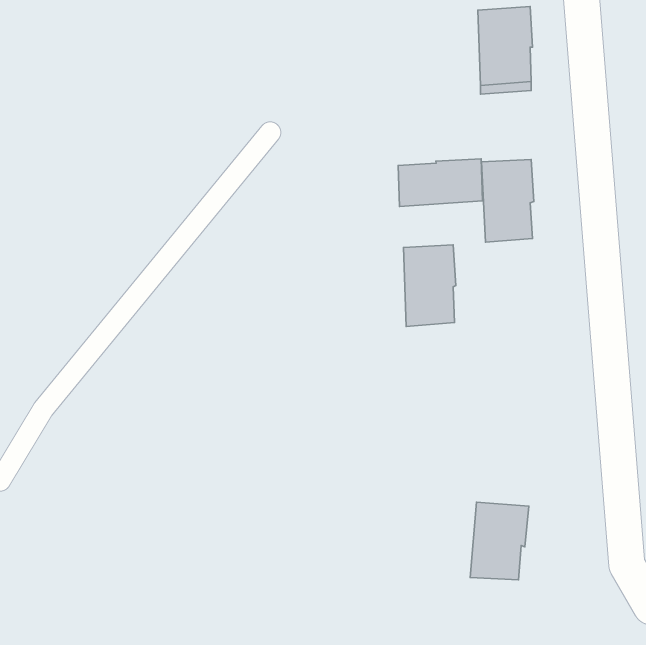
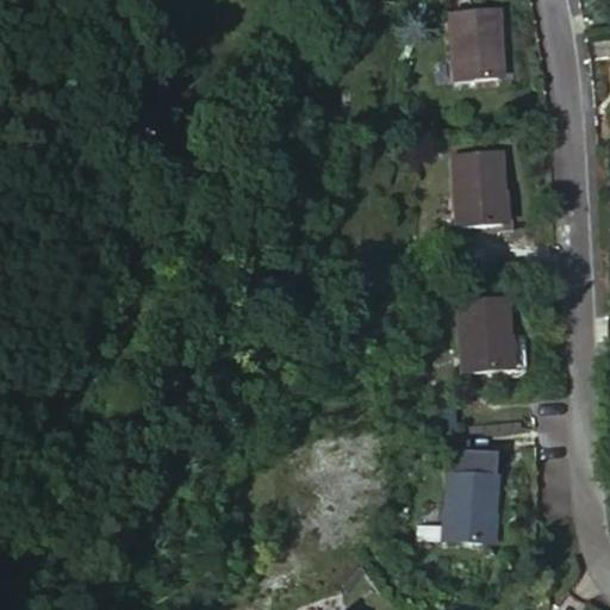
building: [398,159,483,206] -> none
building: [404,245,456,326] -> [461,295,510,372]

